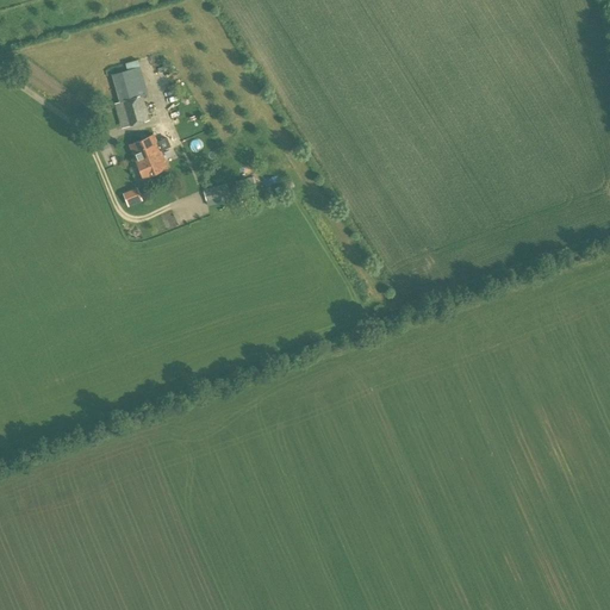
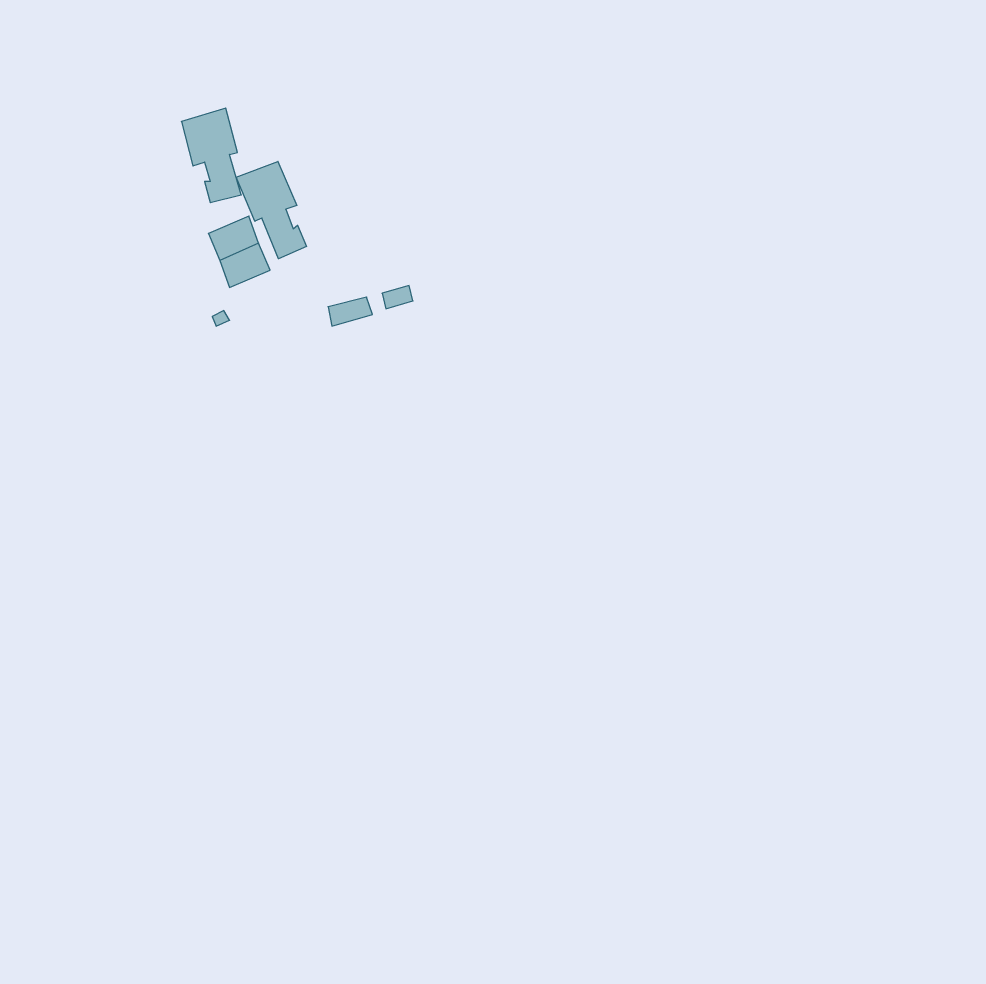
building: none -> [236,161,306,259]

